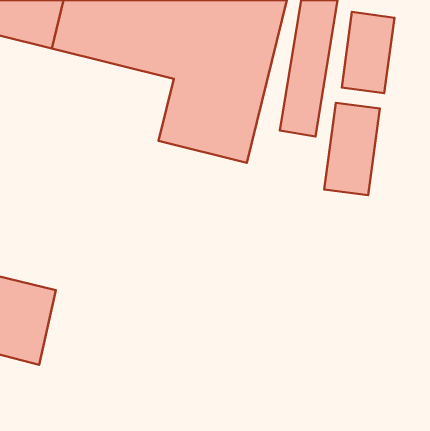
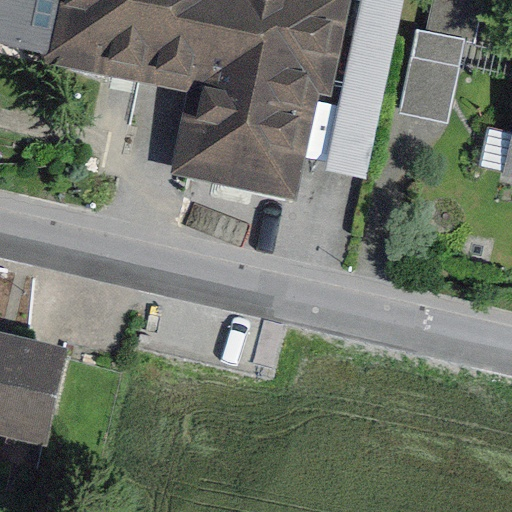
building: [324,103,380,195] -> none

